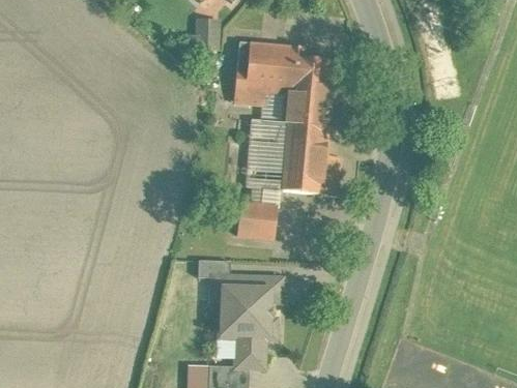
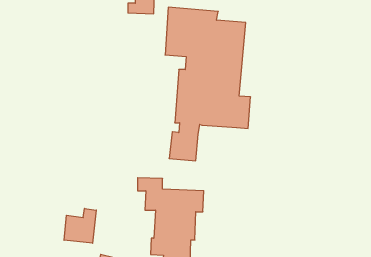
building: none -> [64,208,96,243]

